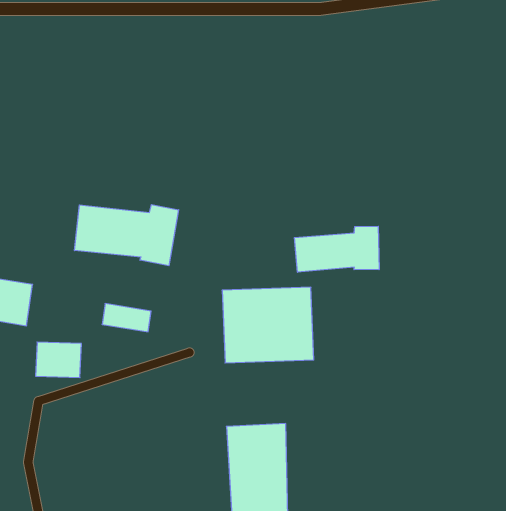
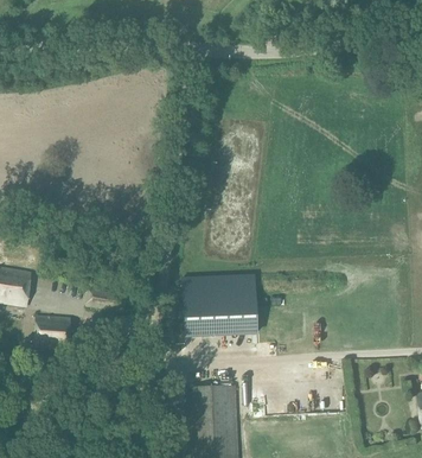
building: [75,205,179,266] -> none
building: [294,226,379,272] -> none

